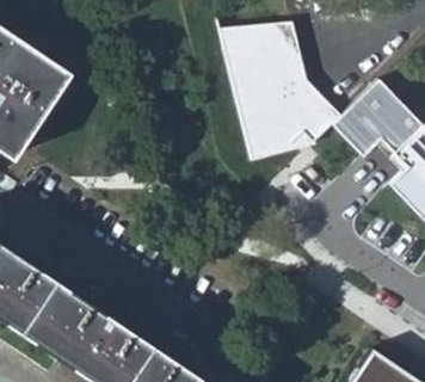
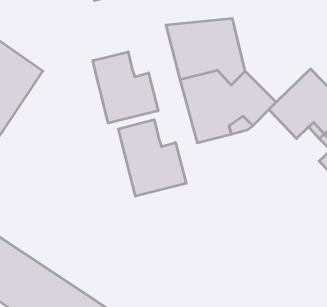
building: none -> [93,52,158,123]
building: none -> [118,120,186,196]

